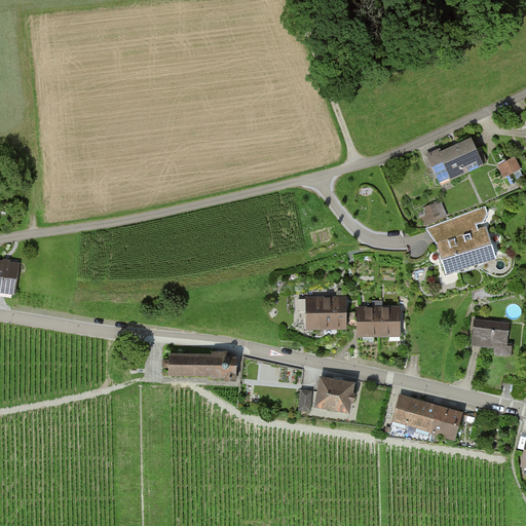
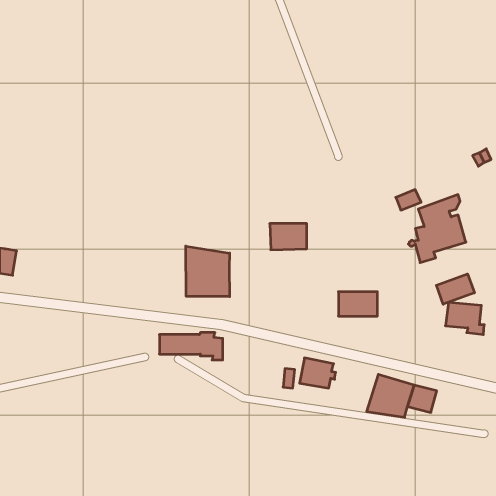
building: [426,140,481,182] -> none
building: none -> [186,246,230,297]
building: none -> [436,274,474,304]
building: [306,299,345,327] -> [270,224,307,250]

